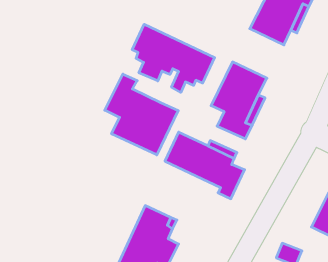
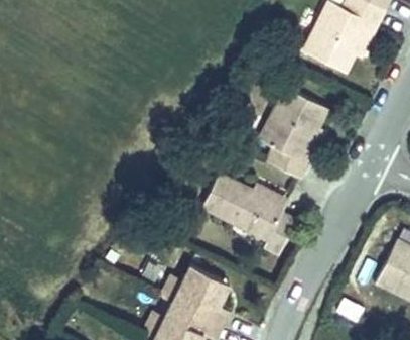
building: [132,24,215,92] -> none
building: [105,74,178,155] -> none

